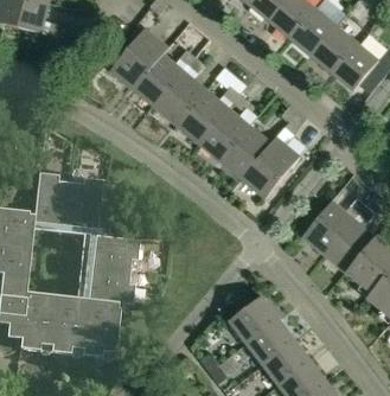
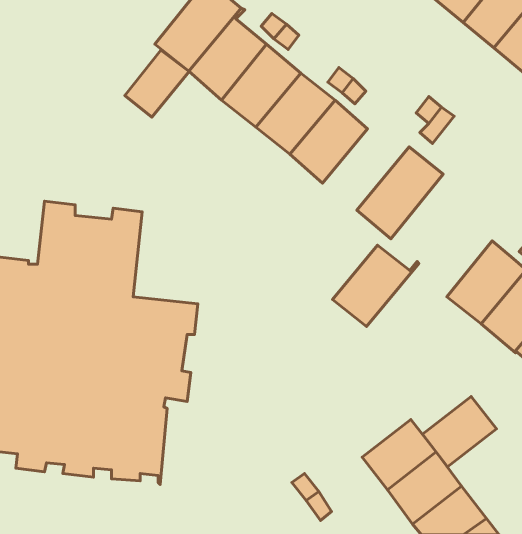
building: none -> [125,50,189,117]
building: [219,126,276,179] -> [332,245,419,327]
building: [229,295,277,341] -> [422,396,496,467]

